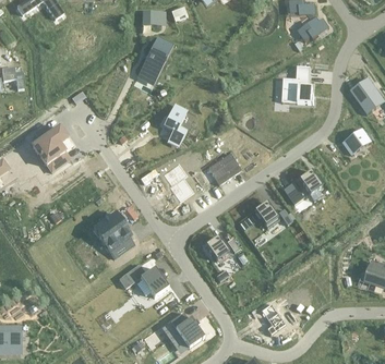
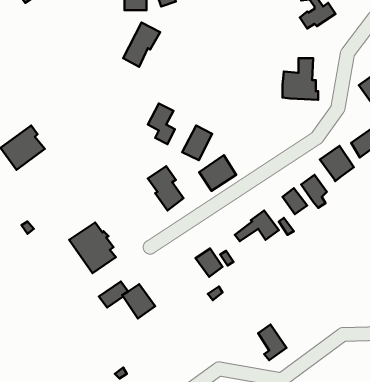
building: none -> [182,126,212,160]
building: none -> [320,146,354,181]
building: [169,312,203,348] -> none

